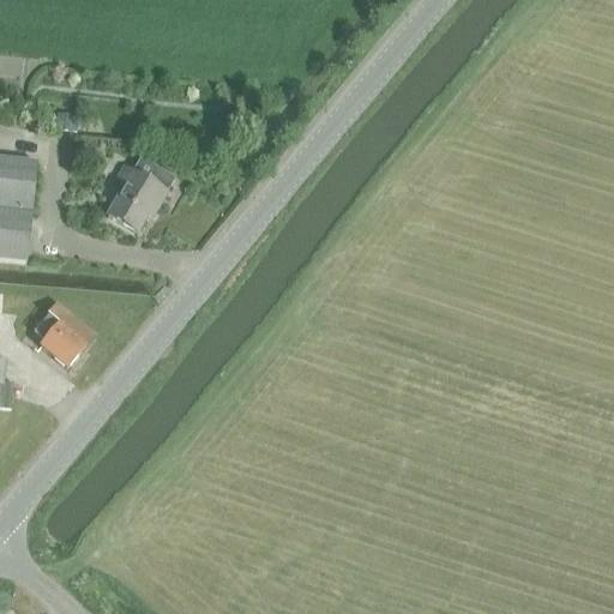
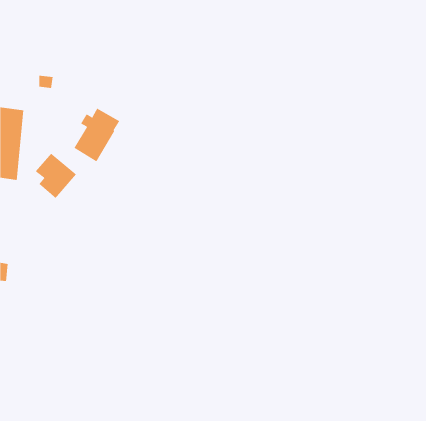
building: [36,303,96,369] -> [35,153,77,199]

